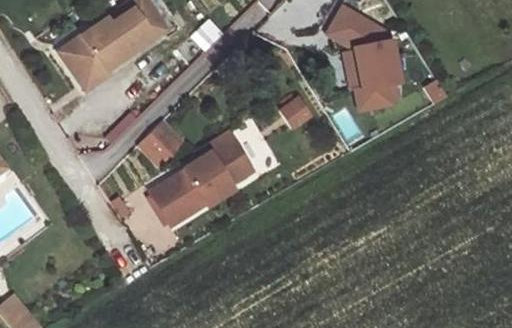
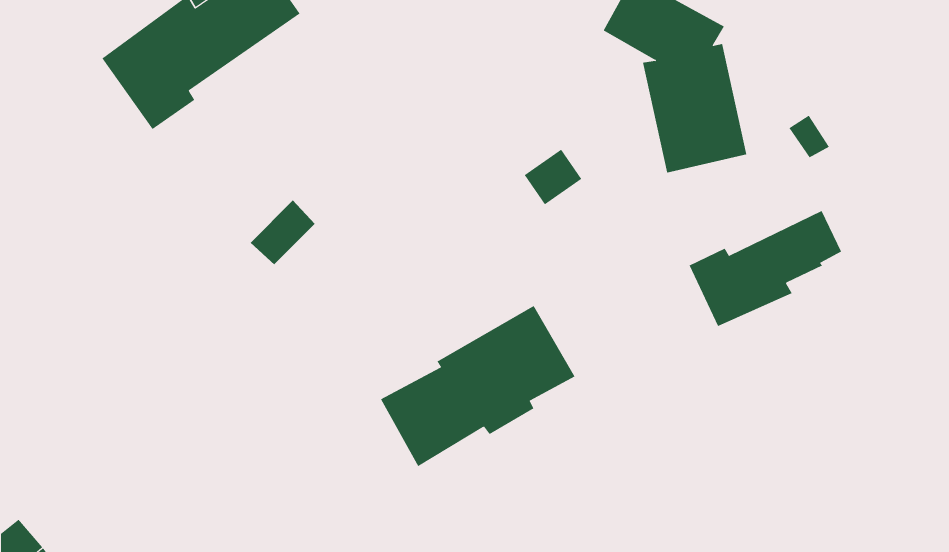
building: none -> [689,210,842,327]
building: [151,138,255,224] -> [380,305,575,467]

